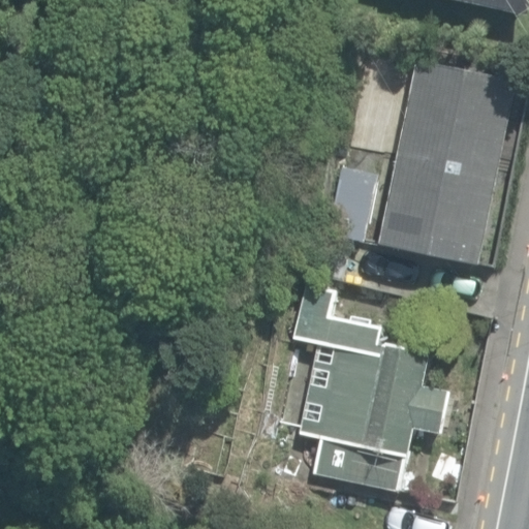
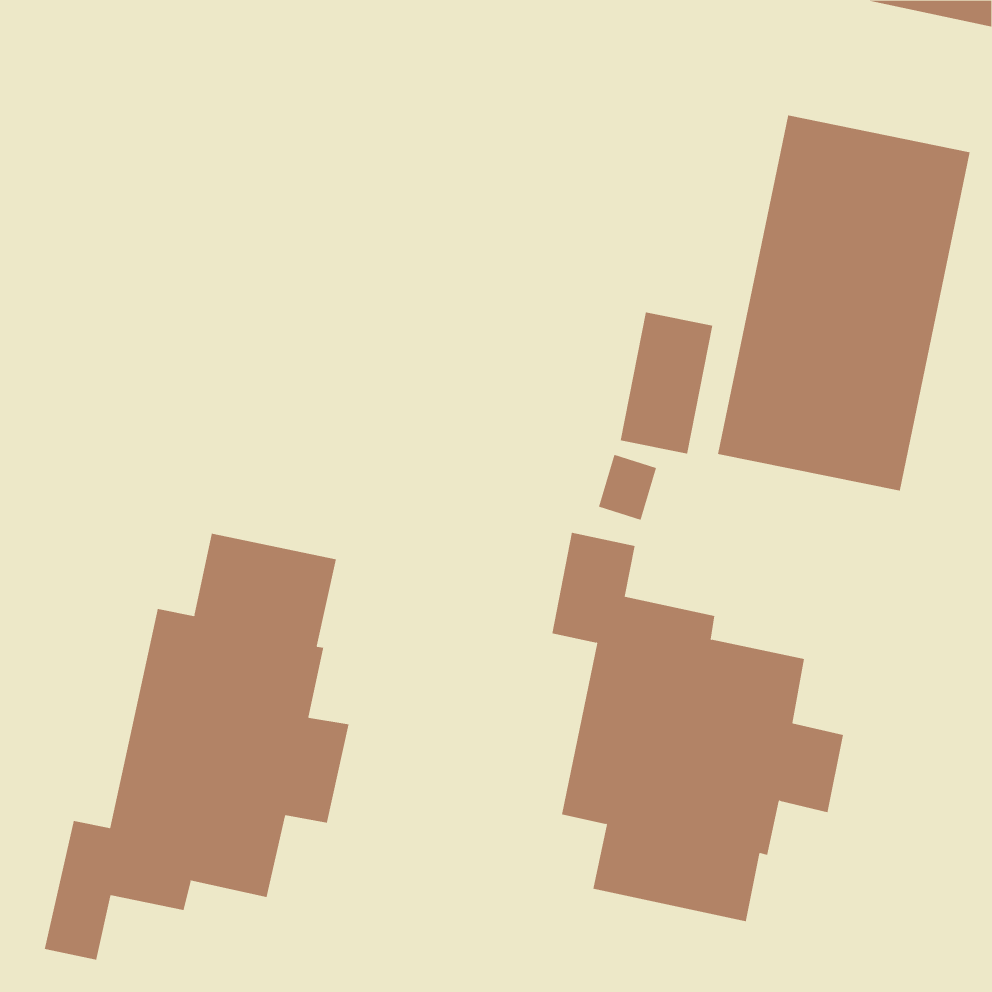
building: none -> [44,533,349,960]

